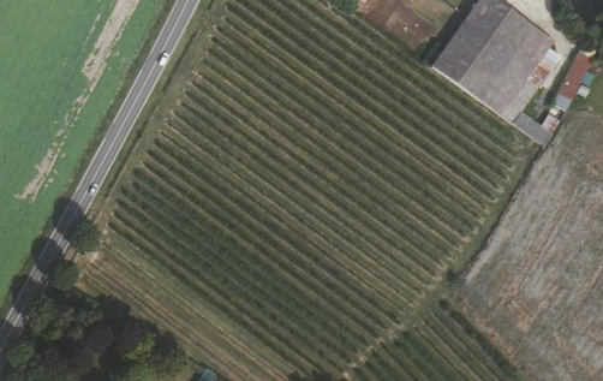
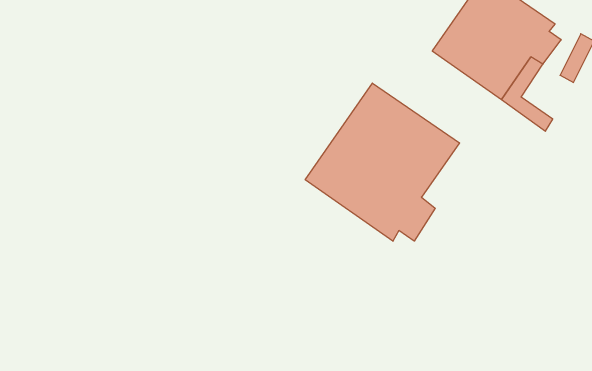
building: none -> [305,83,460,241]

